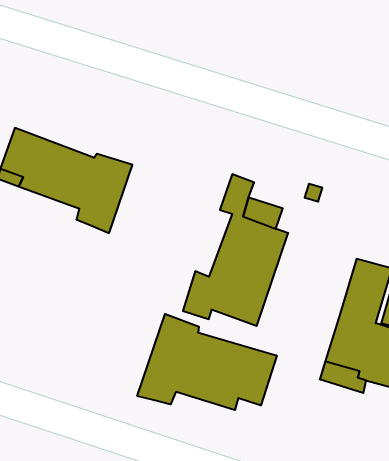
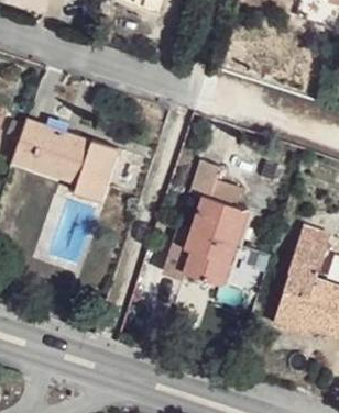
building: [137,314,277,410] -> none

